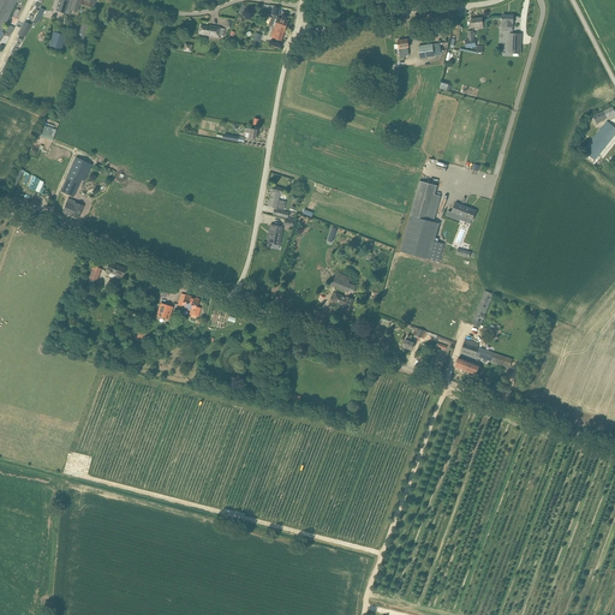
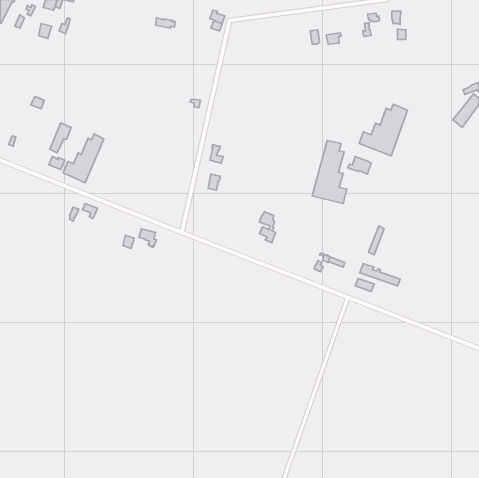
building: none -> [359,104,408,156]
building: none -> [63,134,104,183]

